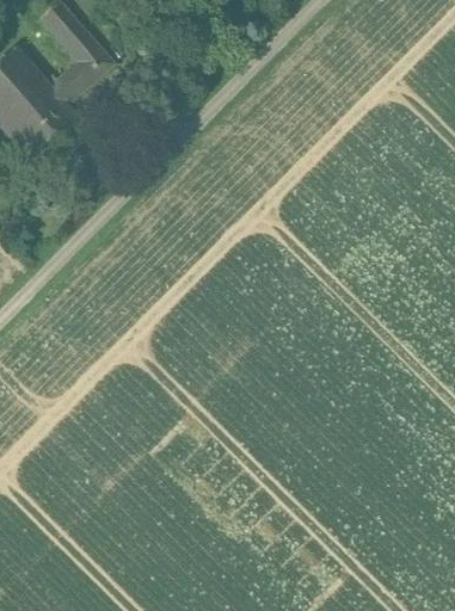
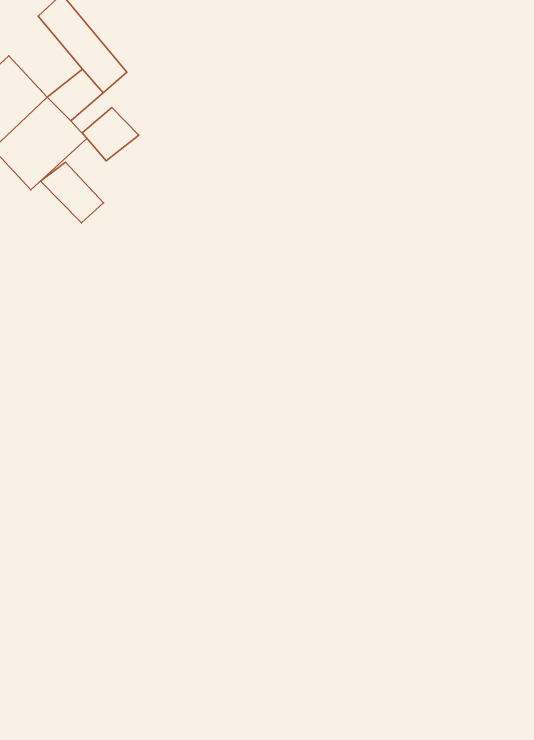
building: none -> [82,108,139,161]
building: none -> [40,162,103,223]

